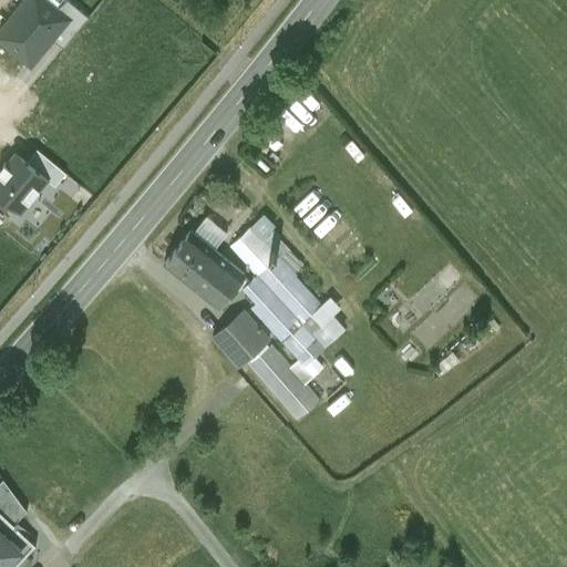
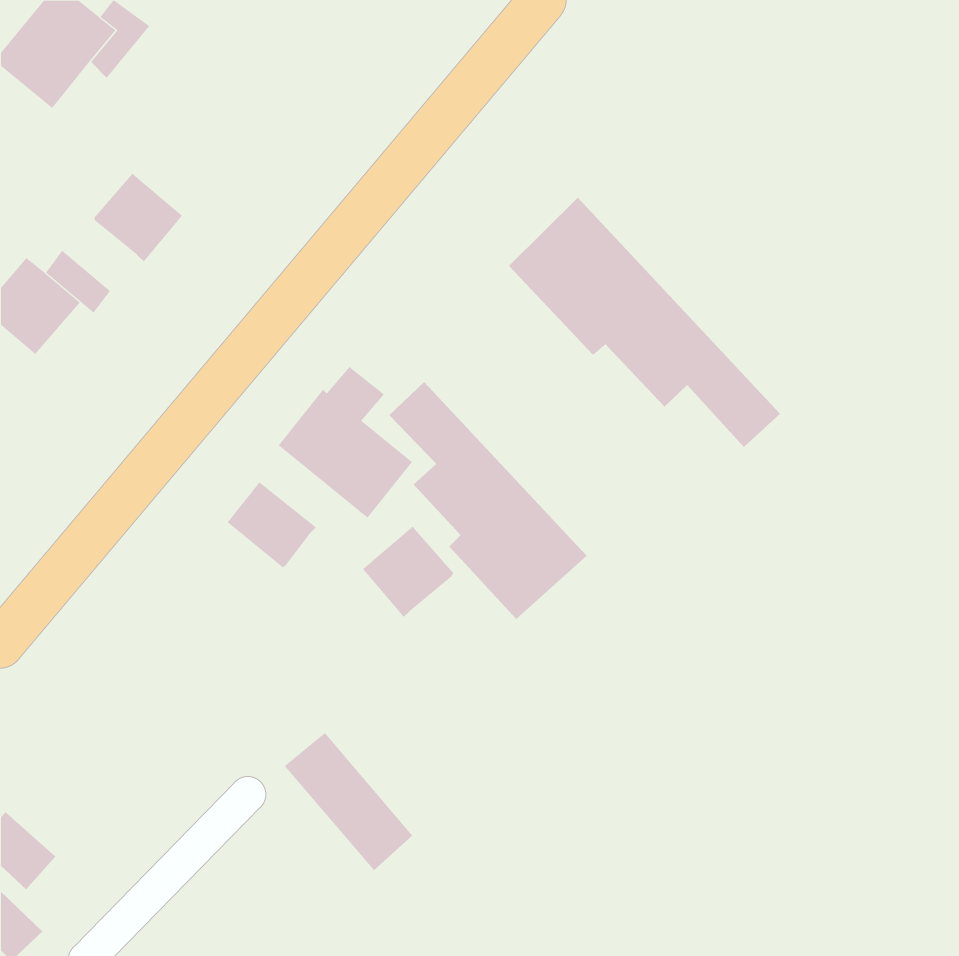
building: none -> [93,173,183,262]
building: none -> [508,197,781,448]
building: none -> [227,481,317,568]
building: [243,342,319,424] -> [284,732,413,871]

